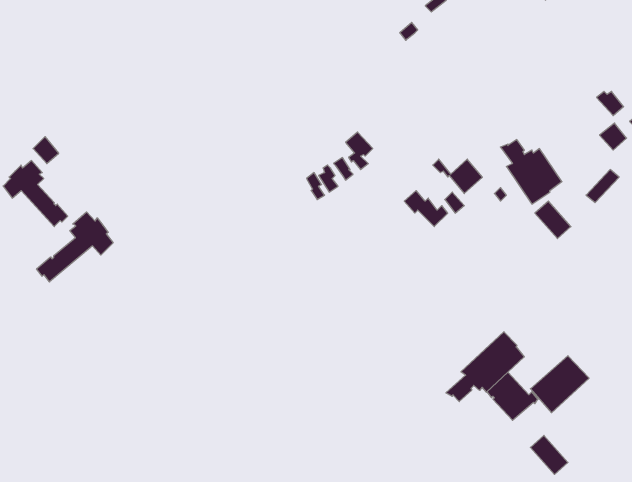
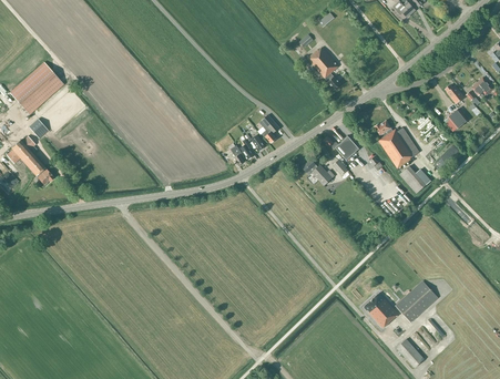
building: none -> [307,48,340,90]
building: none -> [10,63,63,115]
building: [37,212,113,282] -> none
building: [446,332,524,402] -> none

